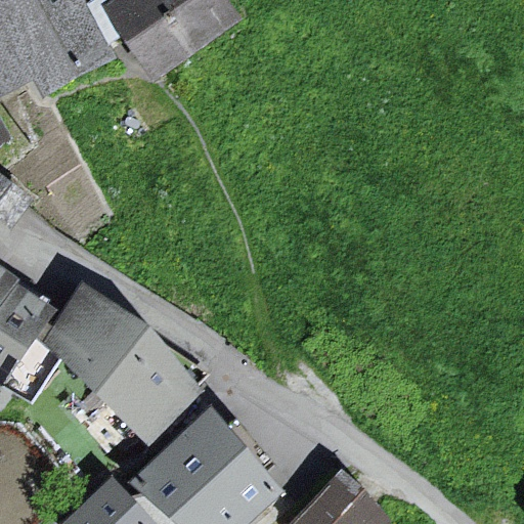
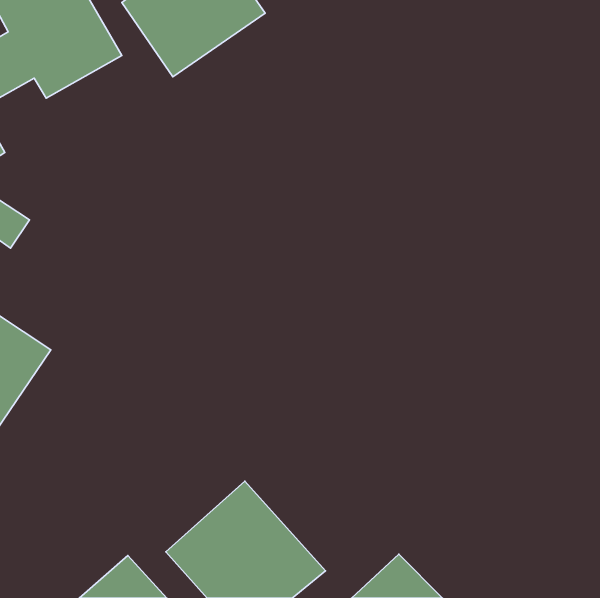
building: [38,288,189,434] -> none

